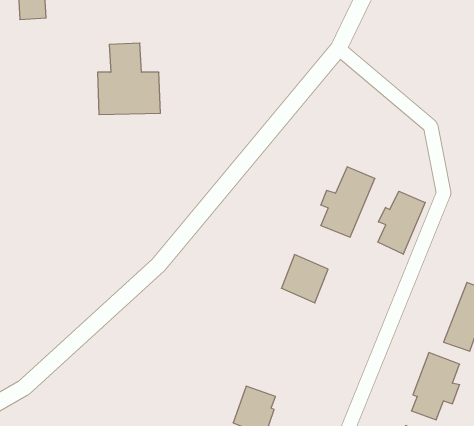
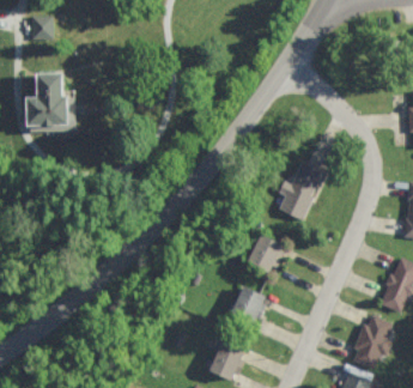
building: [98,43,160,115] -> [23,72,74,131]
building: [378,191,425,254] -> none
building: none -> [231,286,267,320]

